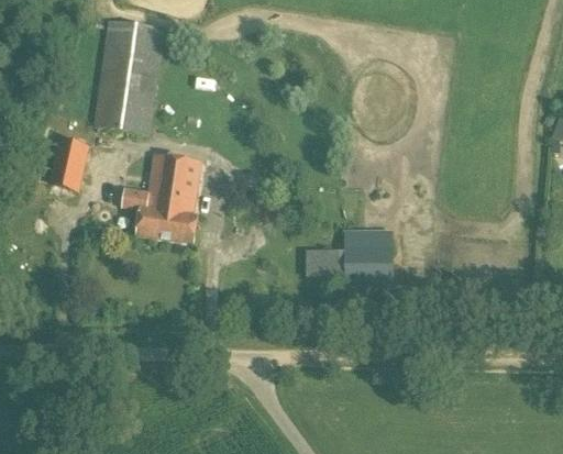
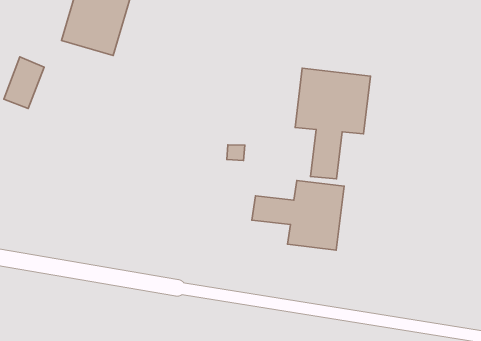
building: none -> [295,68,370,179]
building: [121,153,200,242] -> none

